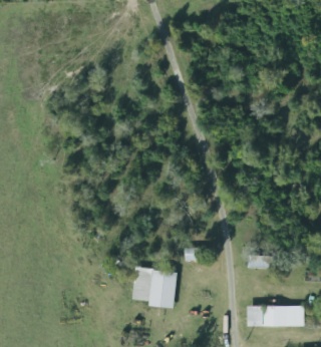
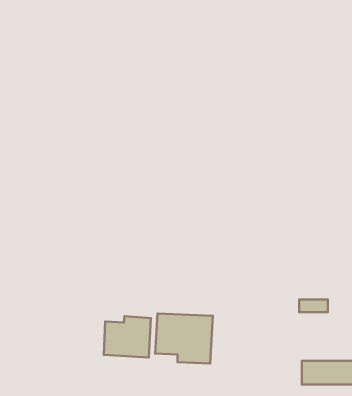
building: none -> [104,316,151,358]

